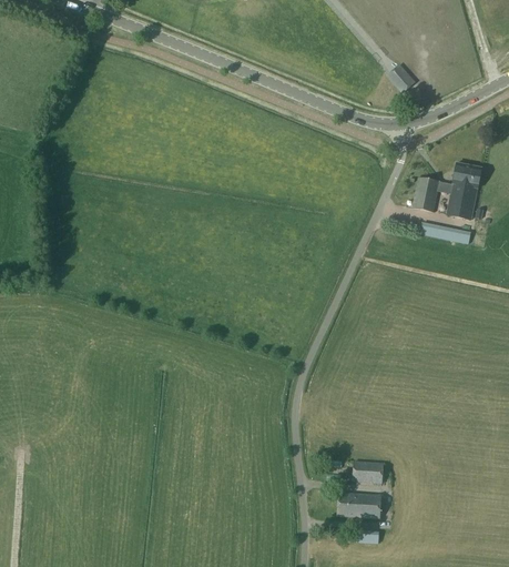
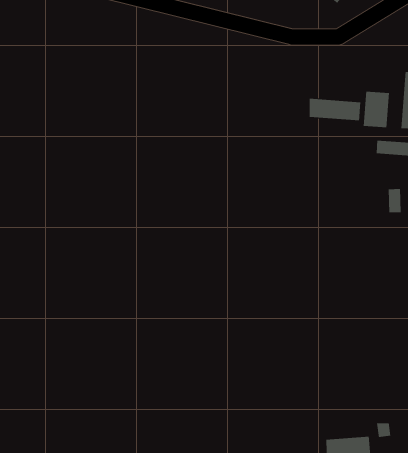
building: none -> [309,98,361,121]
building: [353,460,384,483] -> none

